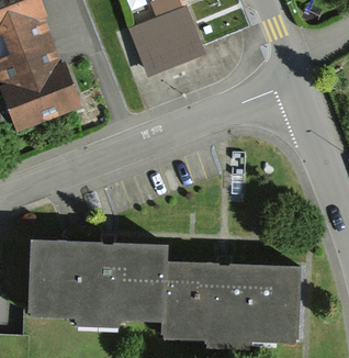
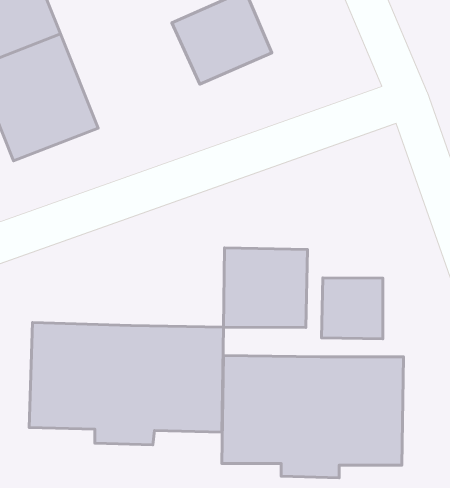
building: none -> [223,248,308,328]
building: none -> [321,278,383,339]

